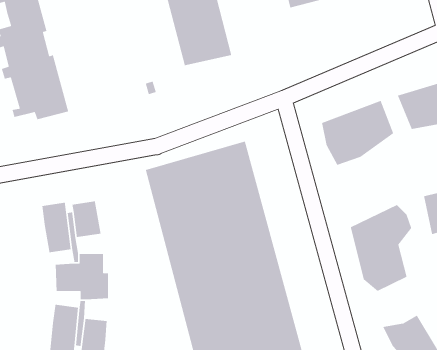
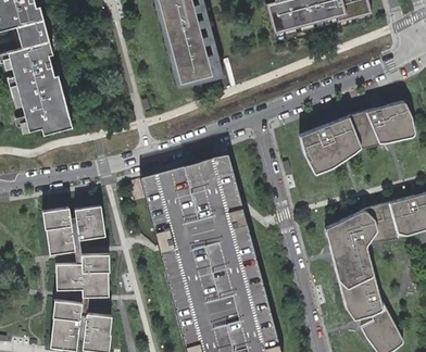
building: none -> [354,111,381,146]
building: none -> [368,202,400,242]
building: none -> [338,276,387,320]

